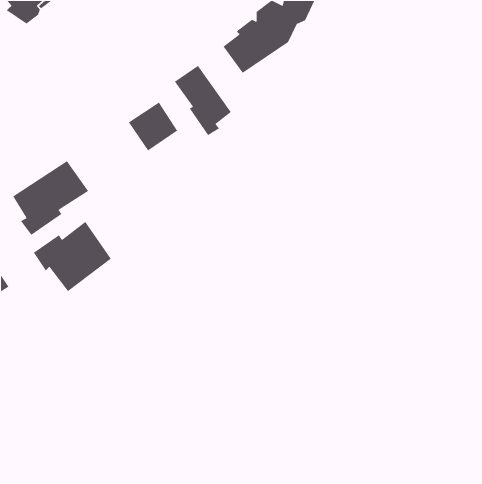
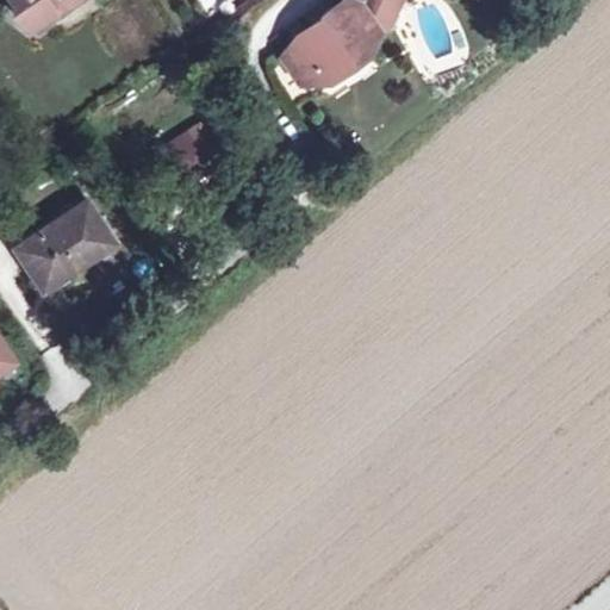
building: [174,65,232,136] -> none
building: [33,221,112,292] -> none

